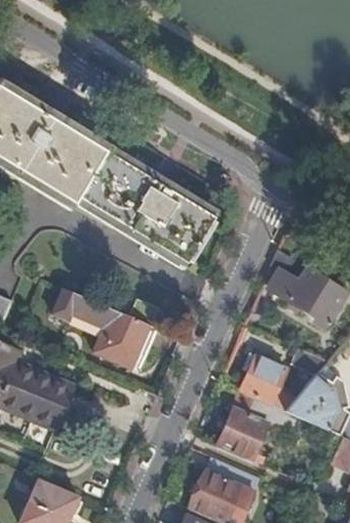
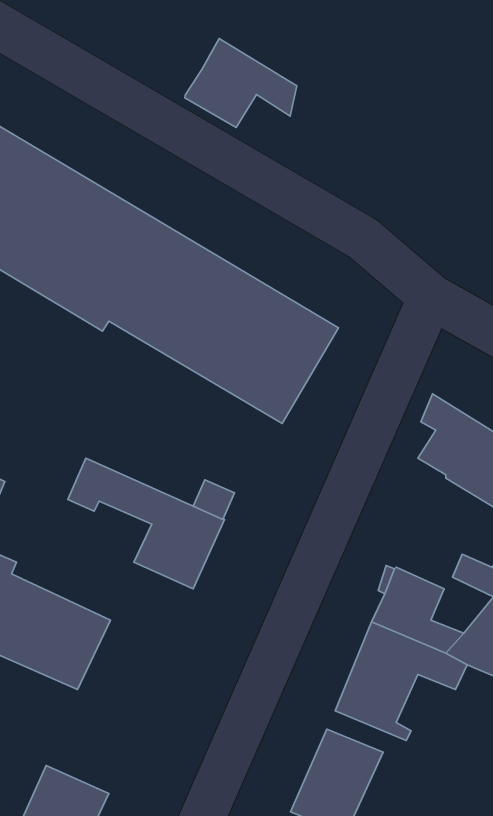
building: none -> [185,38,297,128]

